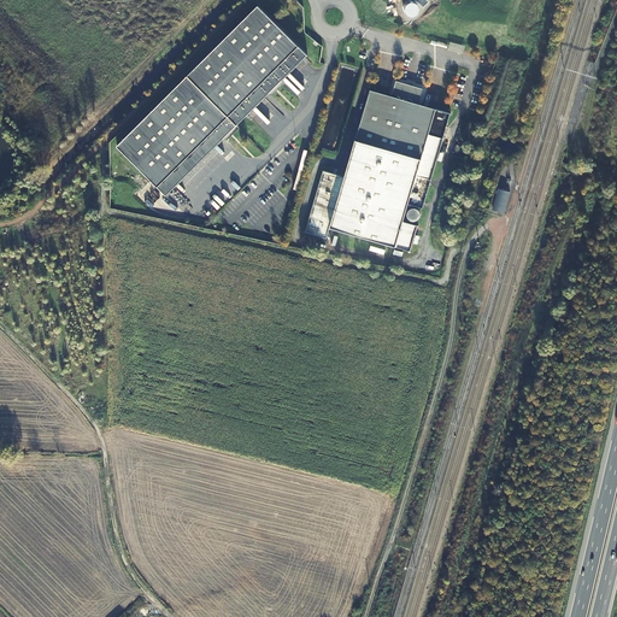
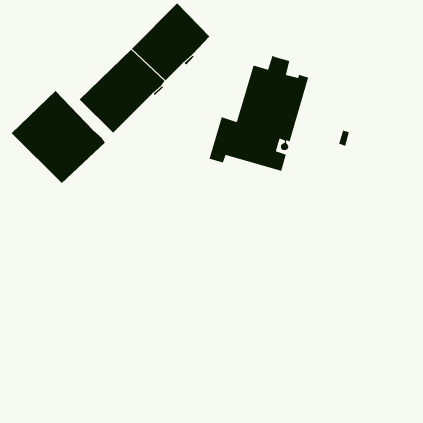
building: none -> [11,90,106,184]

